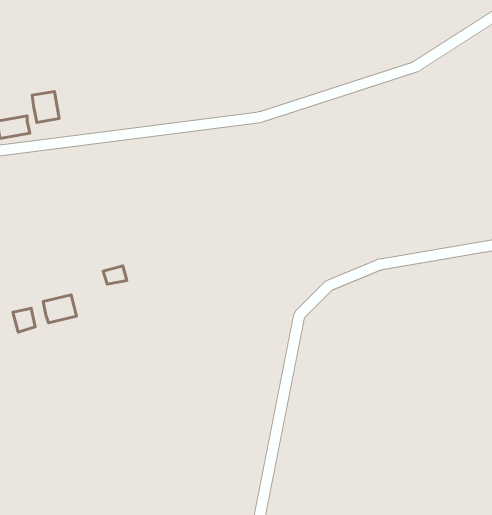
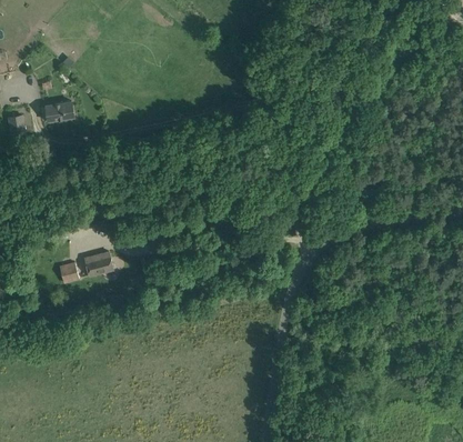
building: [32,91,59,123] -> none

